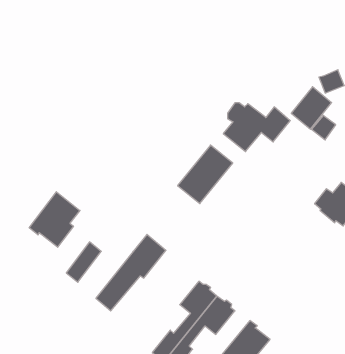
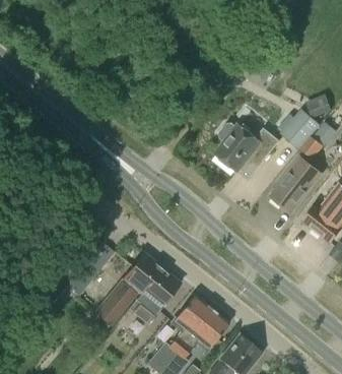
building: [178,145,233,204] -> [269,157,322,212]
building: [29,192,80,247] -> none
building: none -> [131,266,181,323]

